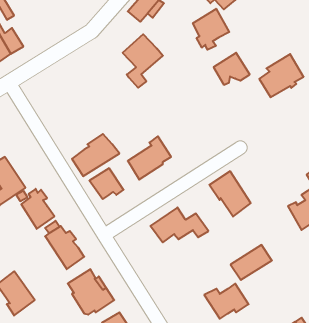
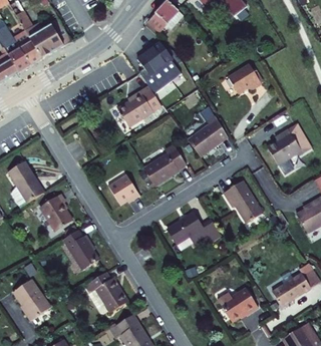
building: [193,9,229,50] -> none
building: none -> [29,25,71,57]
building: [259,54,304,97] -> [267,121,310,163]
building: none -> [186,114,227,156]
building: [72,134,119,176] -> [113,87,159,128]
building: [231,245,272,280] -> [274,271,314,305]

